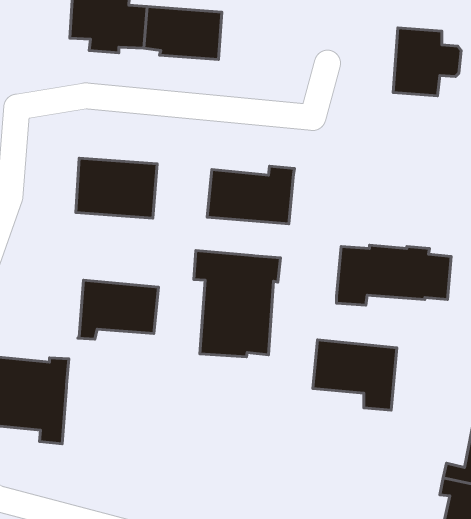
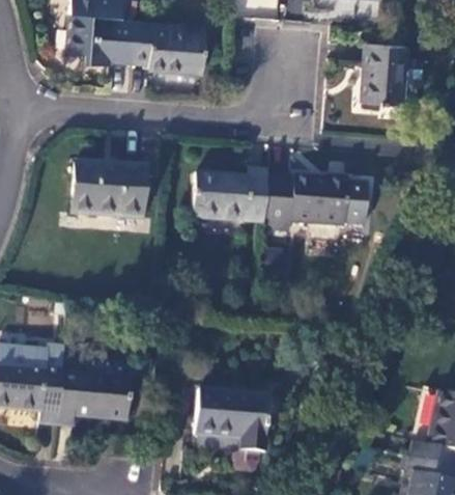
building: [337,245,451,305] -> [265,175,370,230]
building: [194,251,280,357] -> none
building: [78,280,158,339] -> [57,372,131,425]
building: [313,340,397,410] -> [193,389,269,453]

